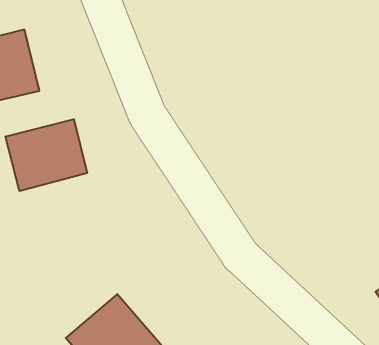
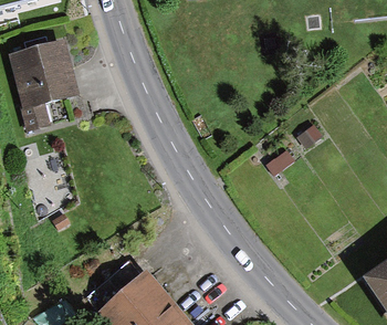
building: [6,119,87,191] -> none

